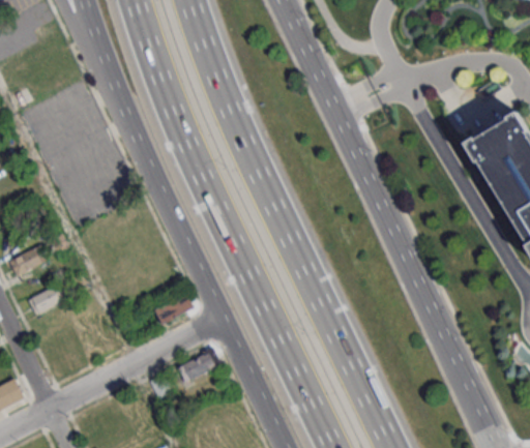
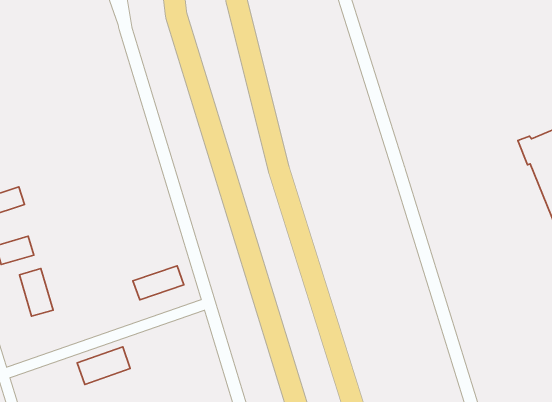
building: none -> [19,269,53,316]
building: [176,348,223,385] -> [77,347,130,384]

